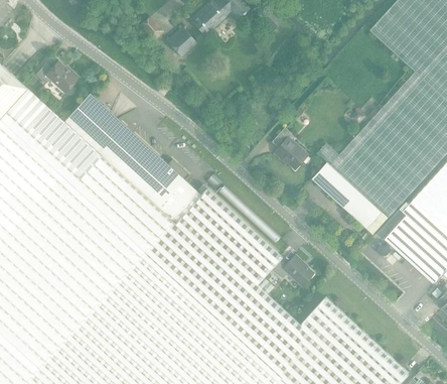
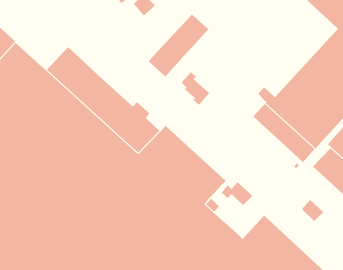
building: none -> [148,14,209,78]
building: [35,61,79,95] -> none
building: [273,129,308,170] -> [181,72,210,106]
building: none -> [301,199,324,222]

